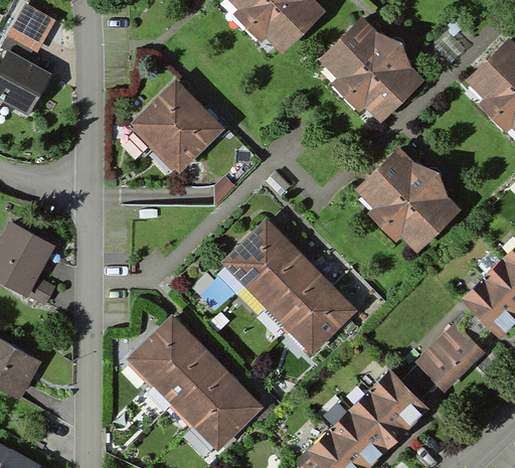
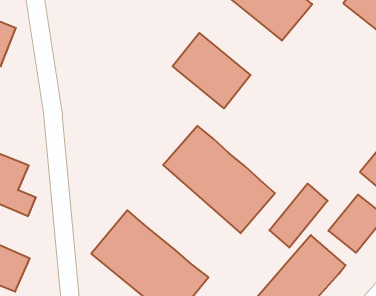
building: [128,86,215,173] -> none
building: none -> [173,33,251,108]
building: [353,146,459,252] -> none
building: none -> [269,184,328,248]

